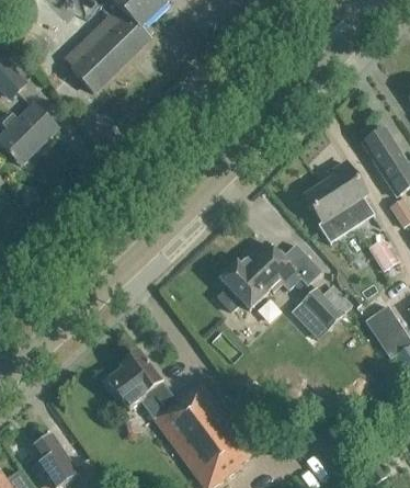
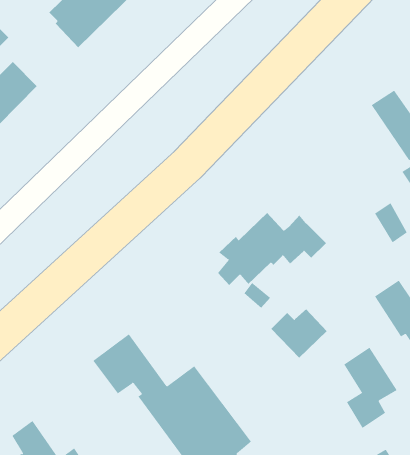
building: [305,162,368,235] -> none
building: [300,284,353,330] -> [271,309,328,358]
building: none -> [344,347,398,429]

